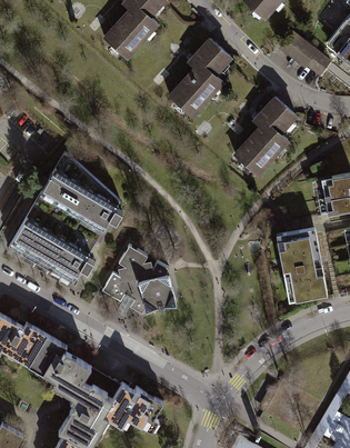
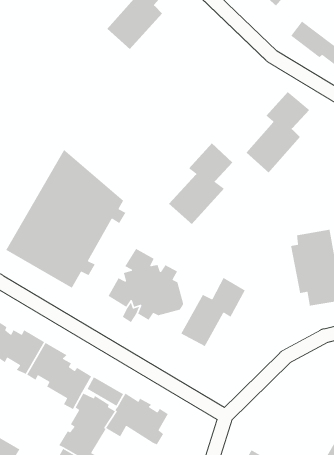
building: [169,38,230,116] -> [168,142,233,225]
building: none -> [180,277,246,347]

